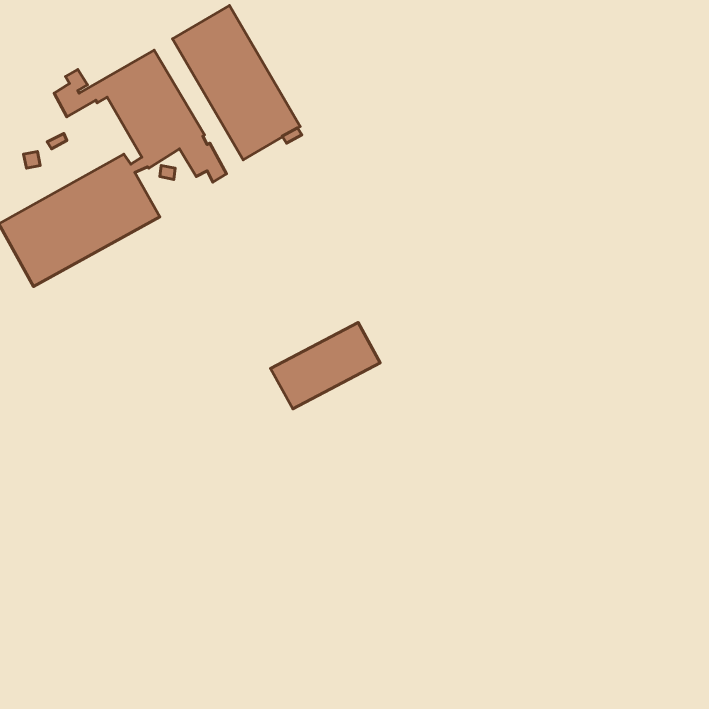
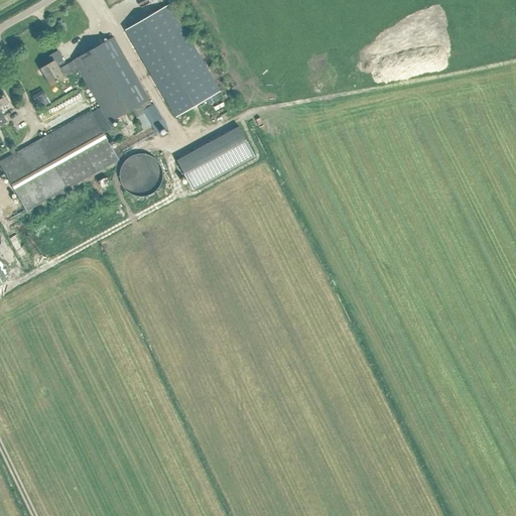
building: none -> [118,152,161,196]
building: [270,323,380,409] -> [176,126,256,188]

